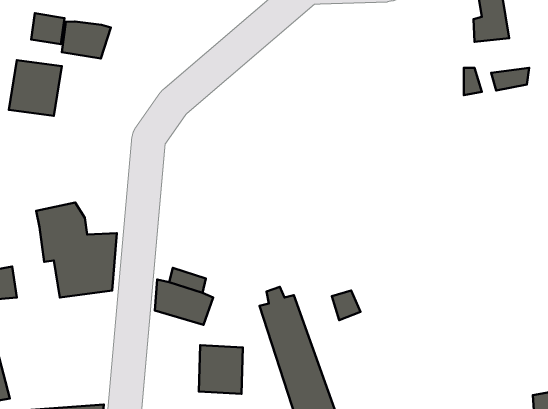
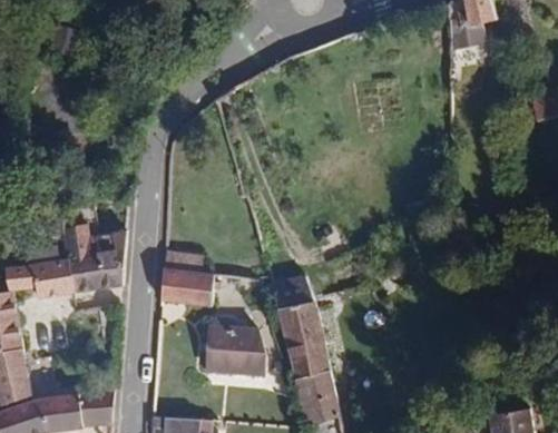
building: [62,21,111,58] -> none
building: [9,60,62,116] -> none
building: none -> [31,254,76,294]

